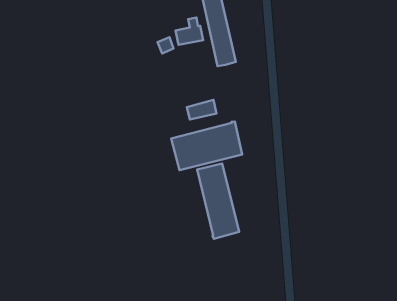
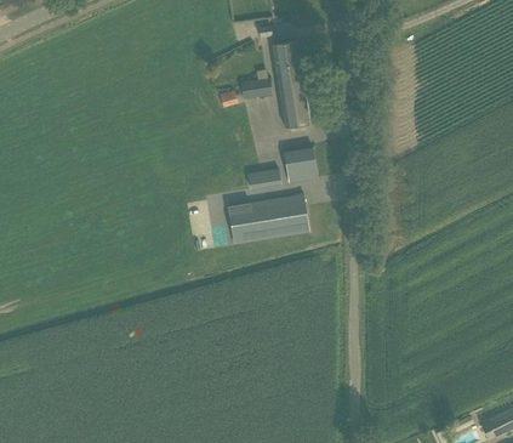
building: none -> [283,147,317,181]
building: [197,164,239,239] -> none

